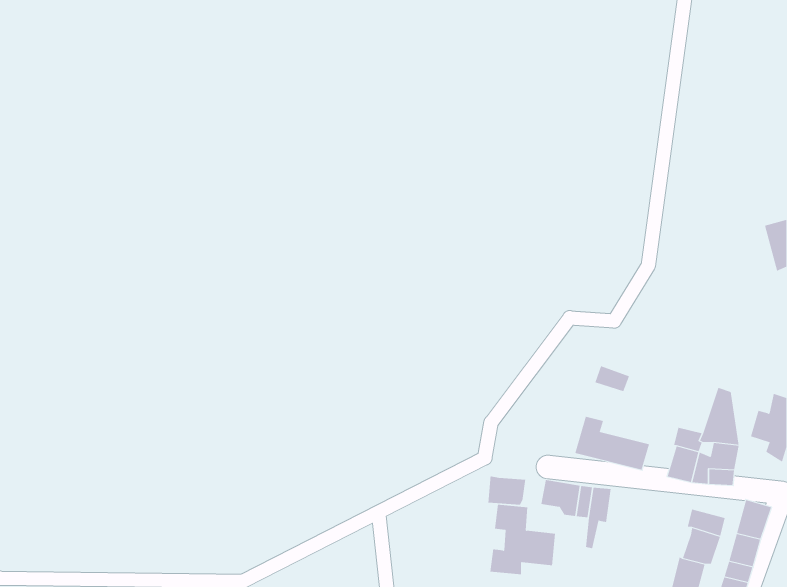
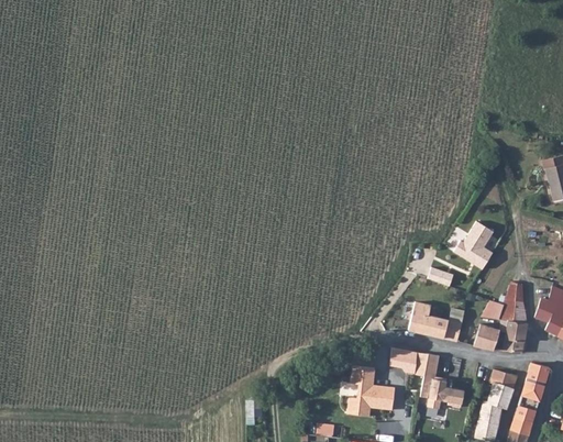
building: none -> [450,220,492,268]
building: [488,476,526,506] -> none
building: none -> [423,377,463,409]

